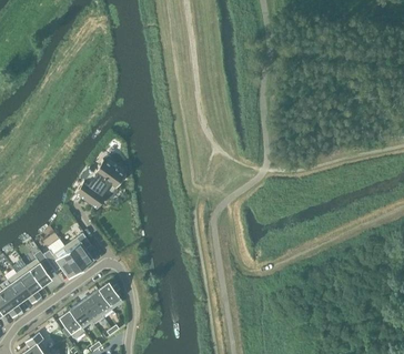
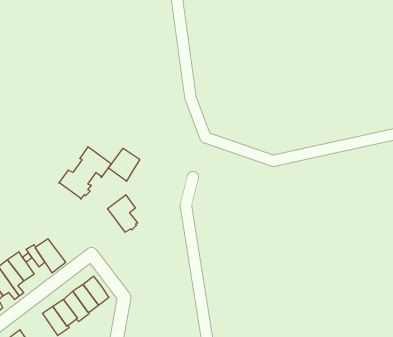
building: none -> [108,148,139,181]
building: [65,233,94,269] -> [107,195,138,232]

